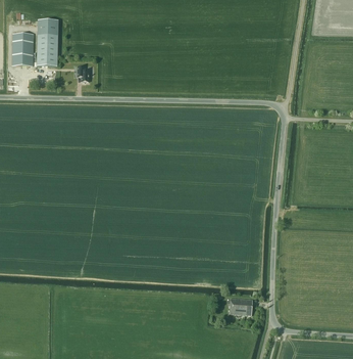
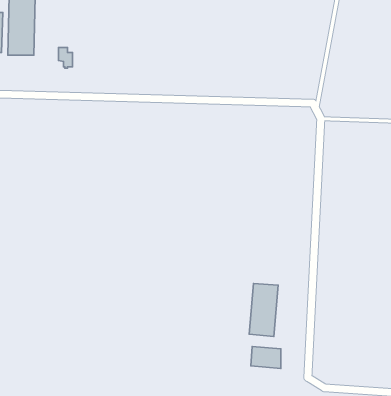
building: none -> [249,284,278,337]

